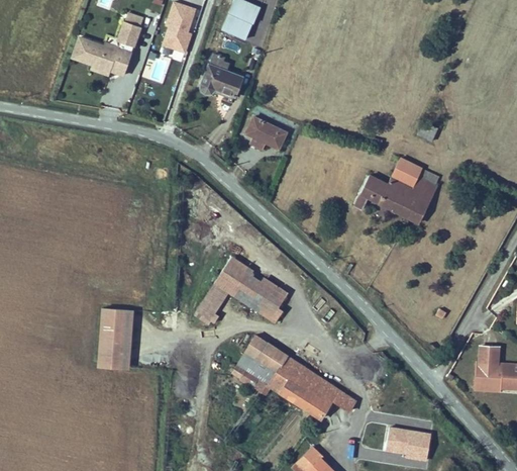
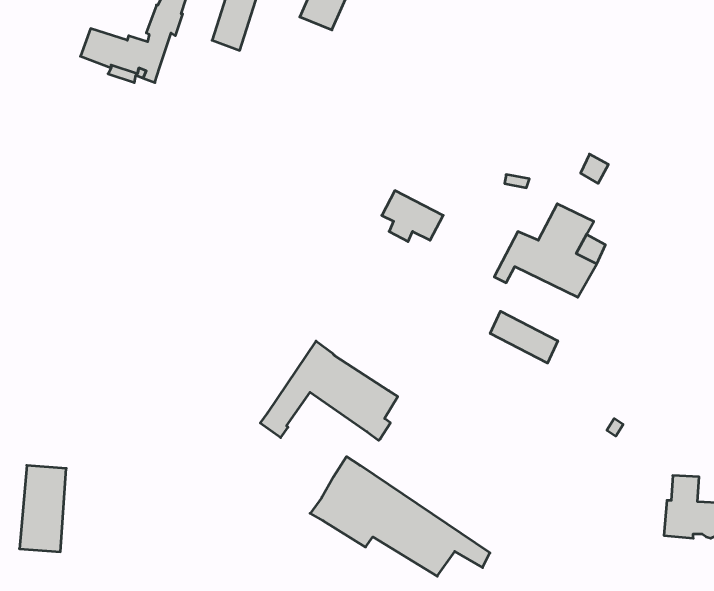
building: [201,54,245,99] -> none
building: [244,115,287,151] -> [382,191,443,242]
building: none -> [490,311,558,363]
building: [100,308,132,368] -> [19,465,66,552]

